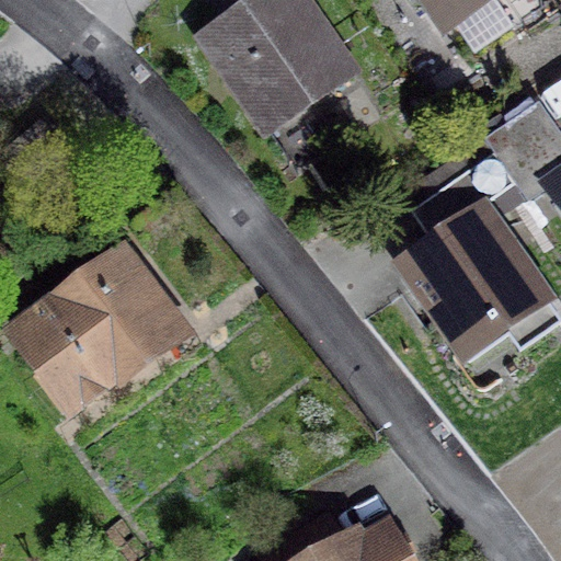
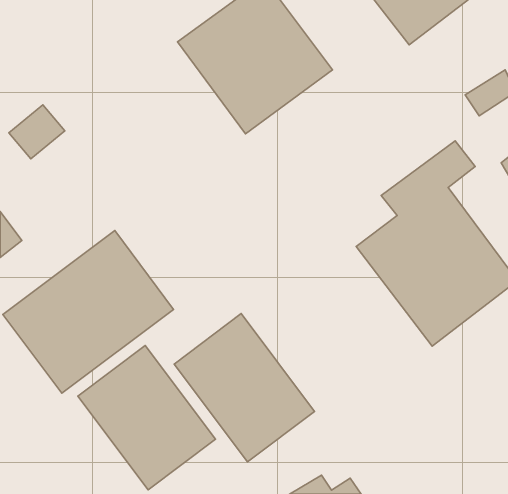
building: none -> [174,314,314,462]
building: none -> [78,345,215,490]

